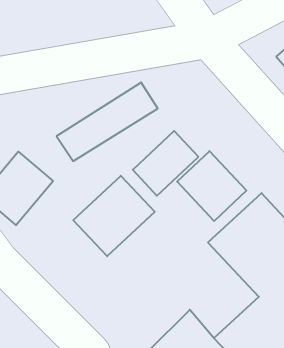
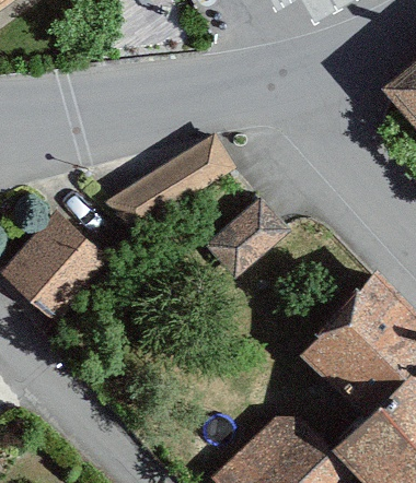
building: [177,151,246,221] -> none
building: [73,176,155,256] -> none

